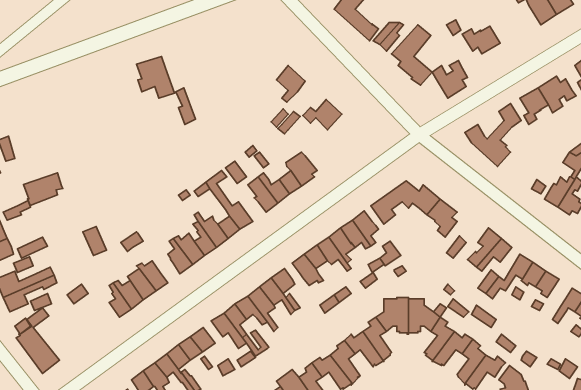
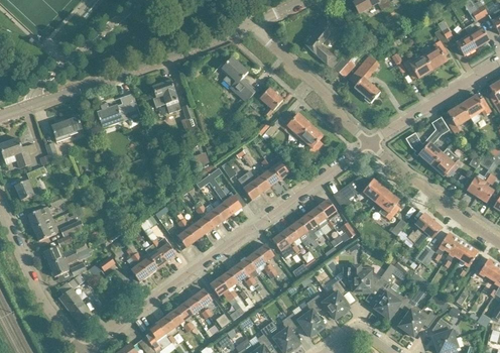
building: none -> [222,56,255,101]
building: [432,60,467,98] -> [420,40,448,70]
building: none -> [97,95,134,126]
building: none -> [299,124,325,157]
building: none -> [430,147,461,175]
building: [23,173,63,205] -> [51,116,82,141]

